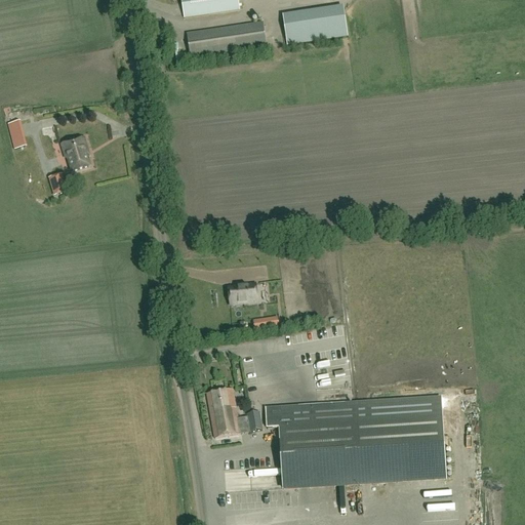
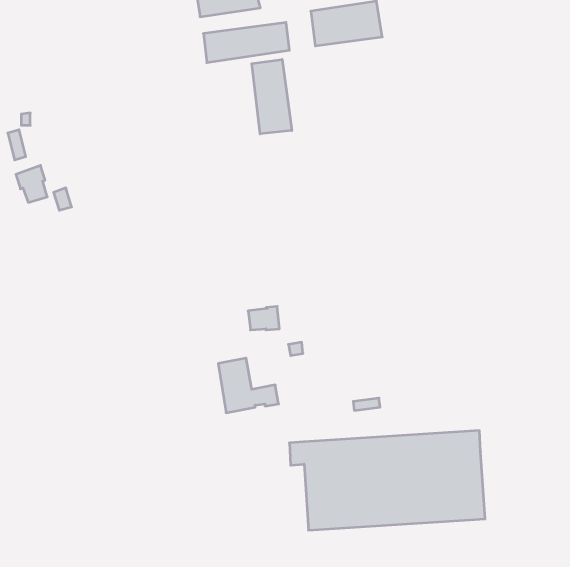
building: none -> [252,59,292,134]
building: [59,134,88,168] -> [16,165,47,202]
building: [206,386,261,436] -> [218,358,279,413]

